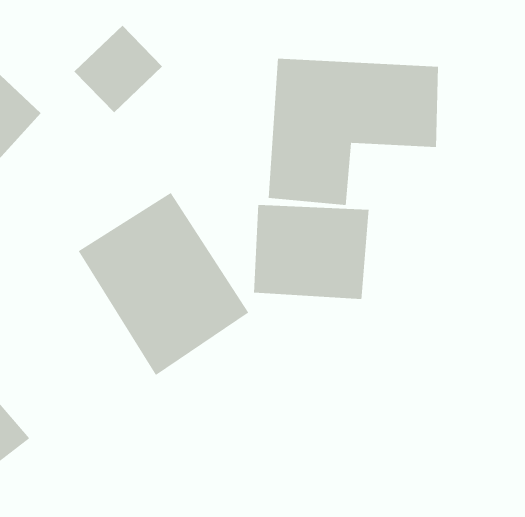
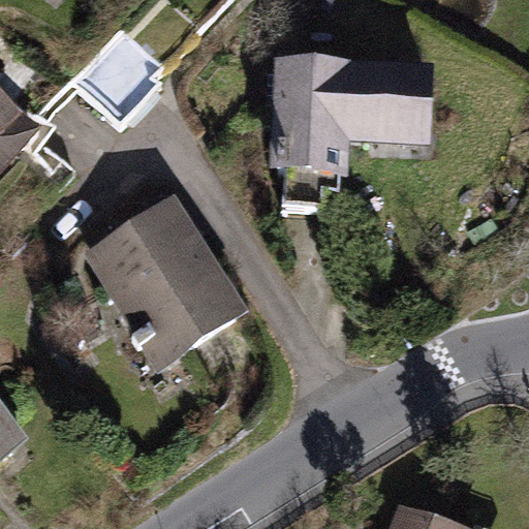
building: [253,204,369,300] -> none

